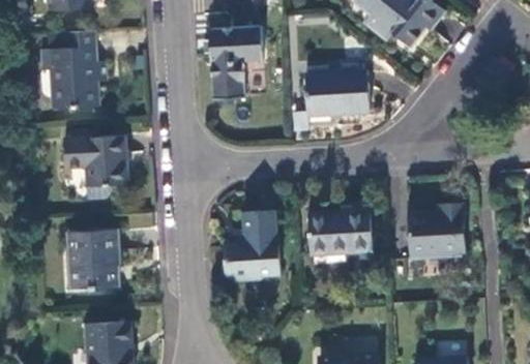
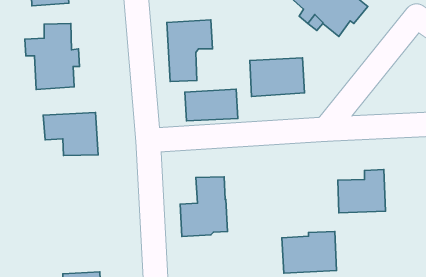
building: none -> [185,89,238,121]
building: [308,206,373,254] -> [282,232,337,273]
building: [69,230,115,289] -> none

